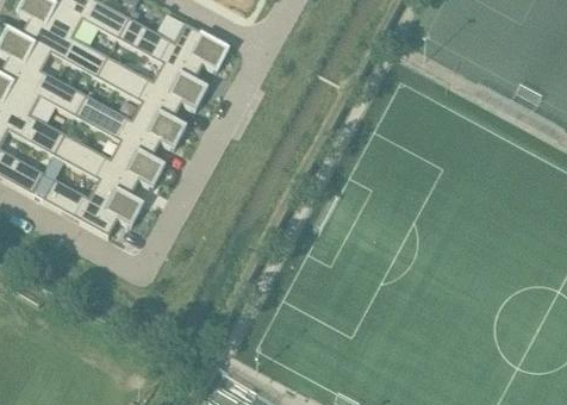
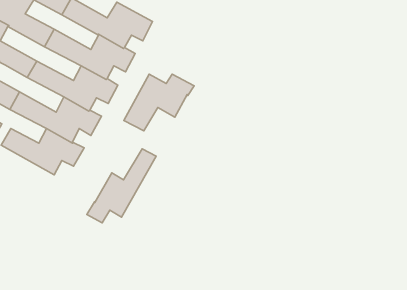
building: none -> [124,74,194,131]
building: none -> [87,149,156,223]

